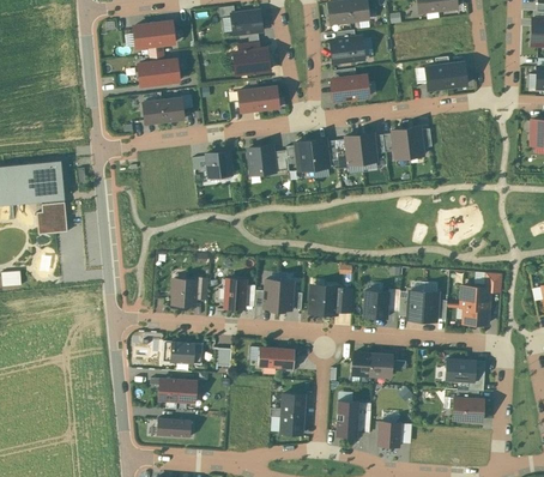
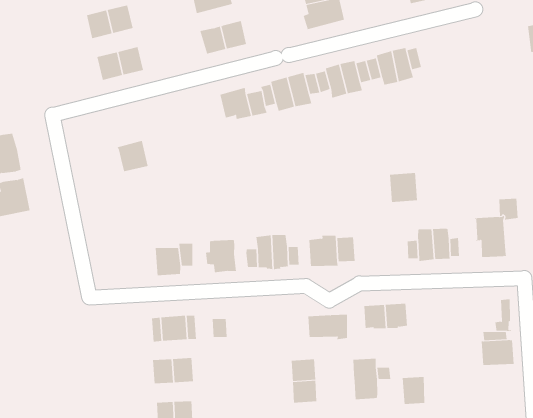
building: [205,150,231,176] -> [117,140,149,172]
building: [363,290,388,316] -> [389,173,418,202]
building: [258,346,295,370] -> [308,314,348,340]
building: [445,358,476,381] -> none

